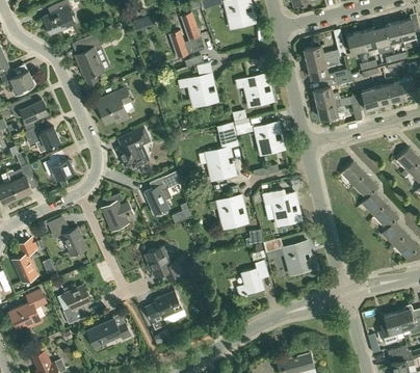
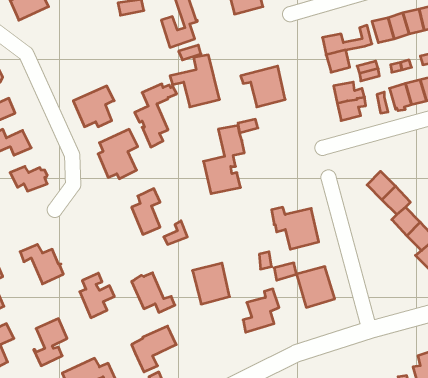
building: [75,31,110,84] -> [135,84,177,147]
building: [254,122,285,155] -> none
building: [103,192,132,230] -> [80,273,114,318]
building: [216,194,247,229] -> [192,263,230,304]

